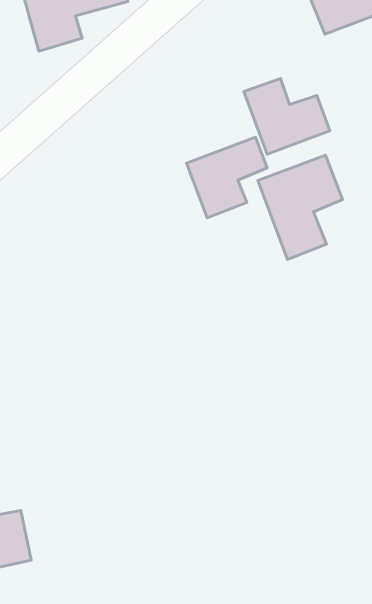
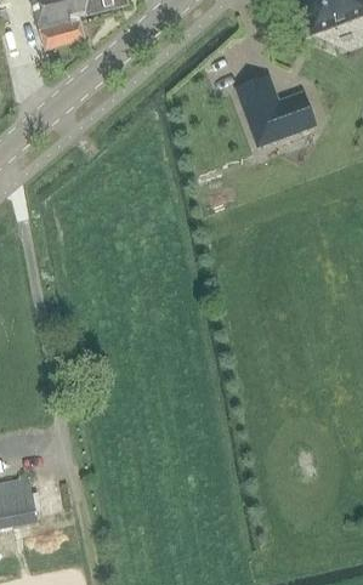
building: [187,137,267,218] -> none
building: [258,155,342,260] -> none

